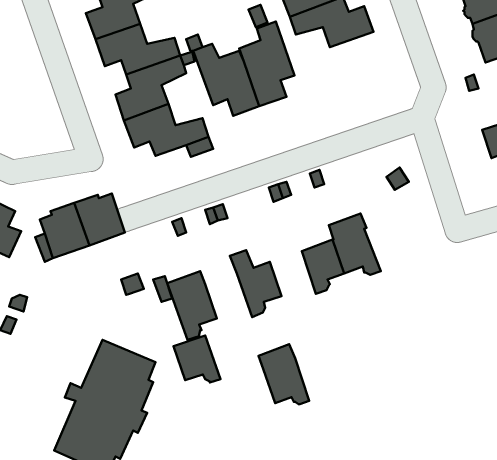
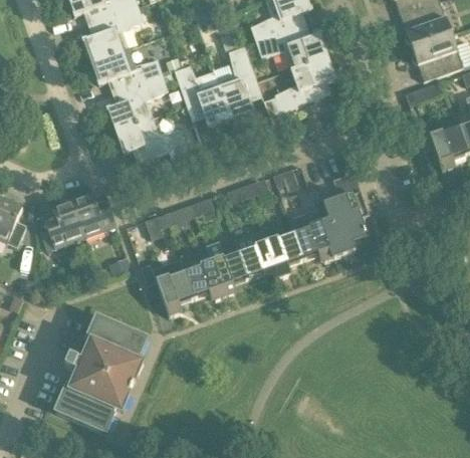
building: none -> [264,53,335,113]
building: none -> [319,189,371,257]
building: [173,336,221,383] -> [184,259,224,299]
building: [259,344,309,404] -> [235,228,278,279]

